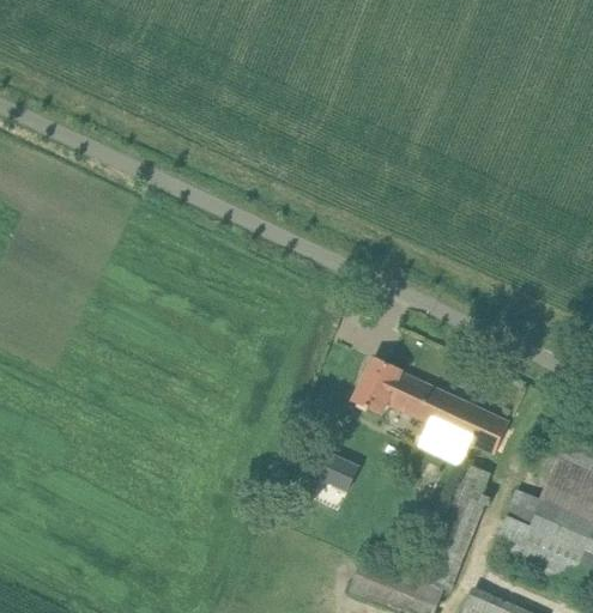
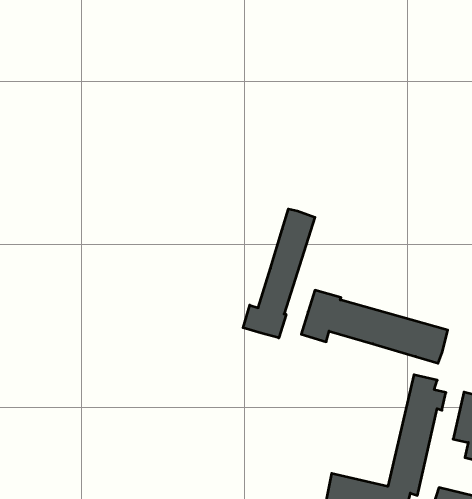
building: none -> [243,209,315,338]
building: [321,448,362,488] -> none

